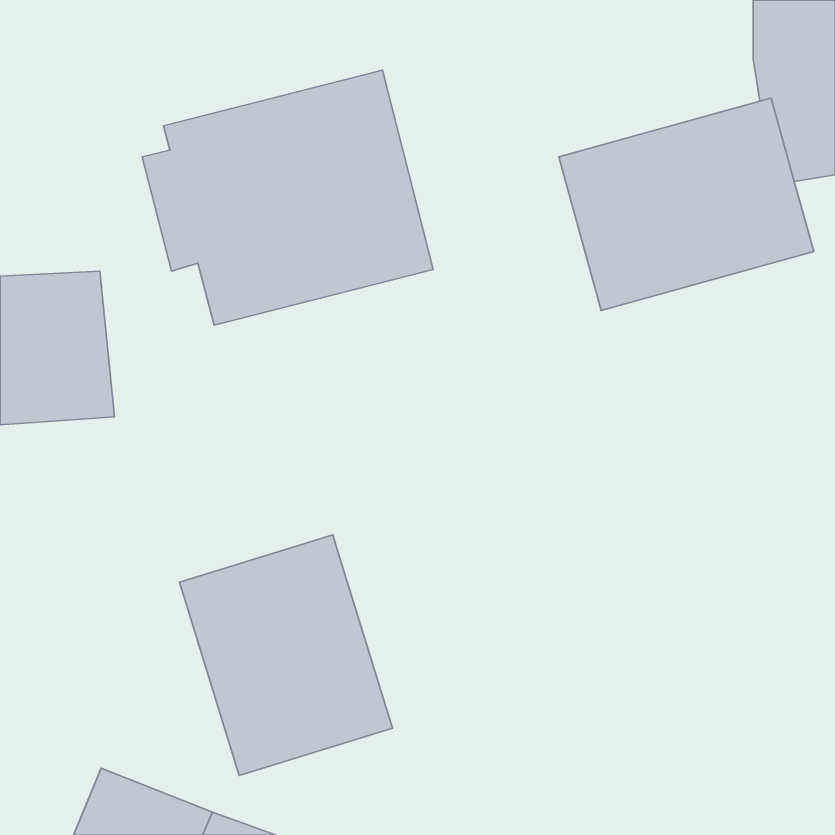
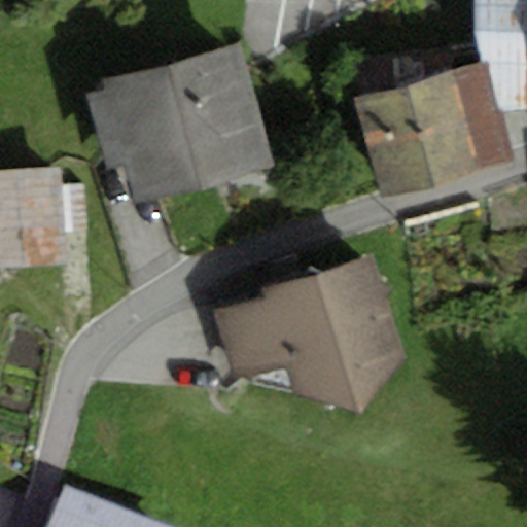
building: none -> [214,255,409,418]
building: [180,535,392,775] -> none

